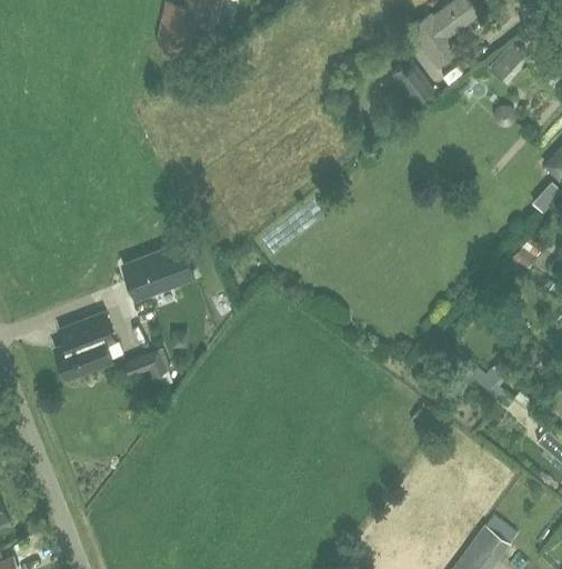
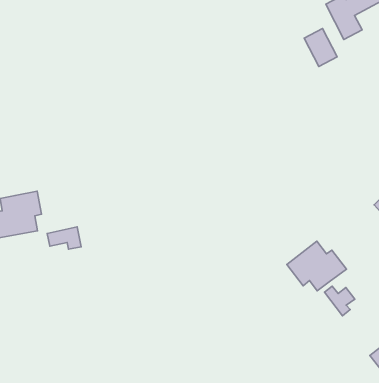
building: [123,244,194,299] -> none
building: none -> [287,241,346,291]

